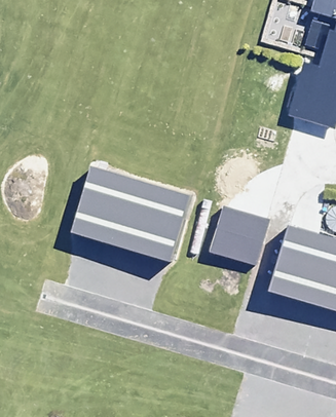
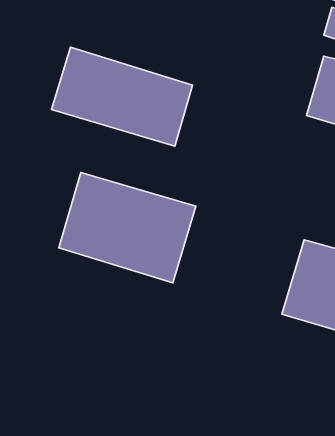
building: none -> [51,47,193,146]
building: [210,205,271,266] -> none

